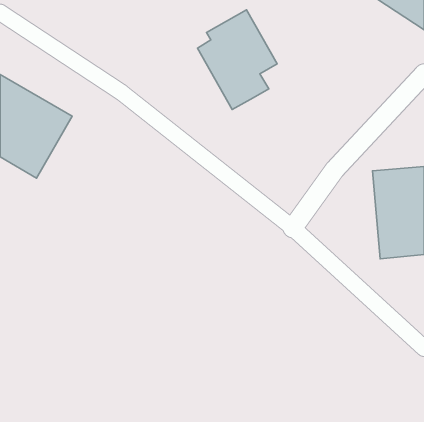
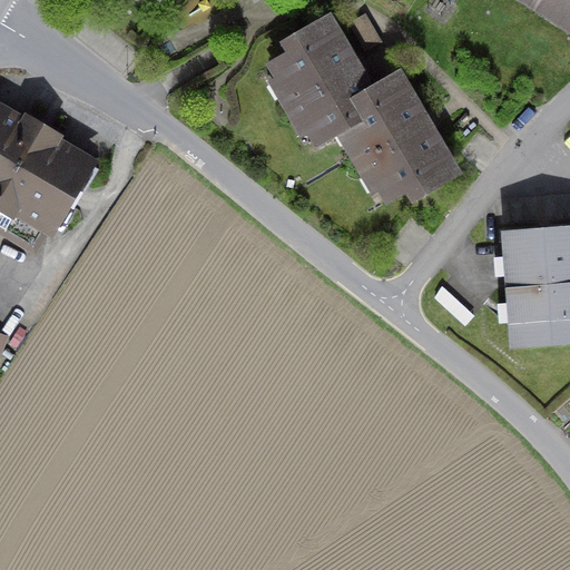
building: none -> [340,70,458,213]

